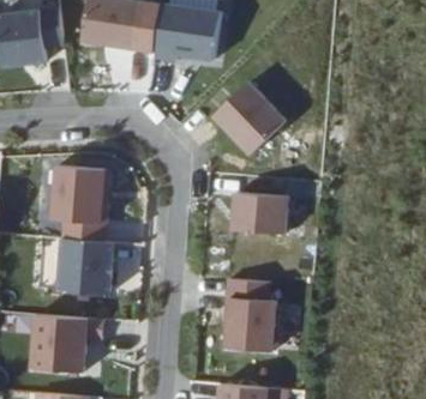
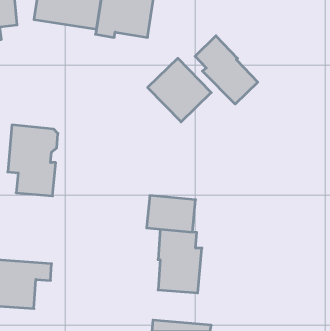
building: none -> [195,36,258,104]
building: [230,193,287,235] -> [147,196,196,232]
building: [56,238,112,294] -> none

